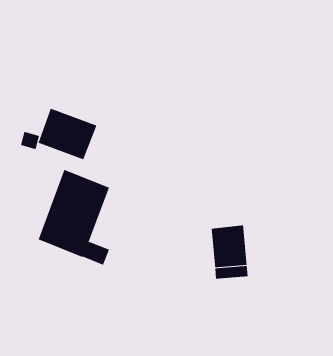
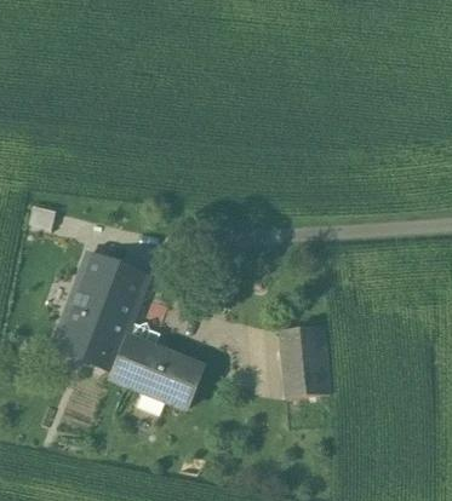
building: [38,108,97,160] -> none
building: none -> [136,346,202,408]

